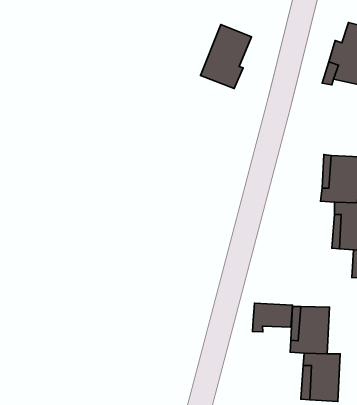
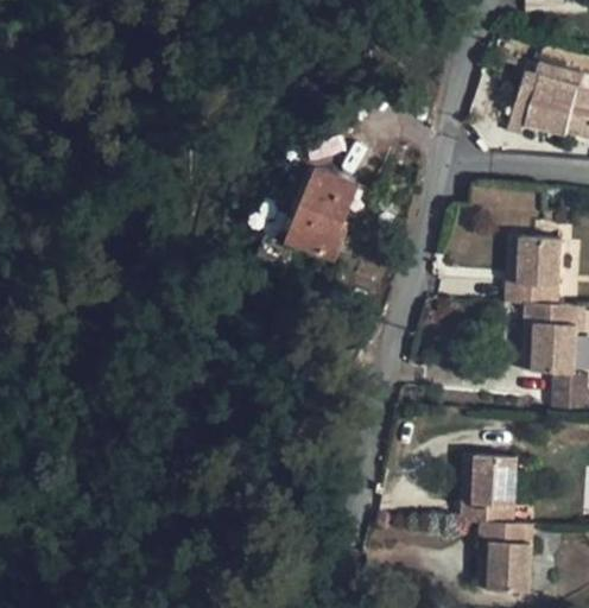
building: [200,24,251,88] -> [287,165,361,258]
building: [253,303,293,332] -> none

